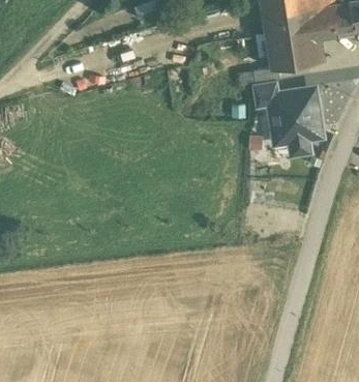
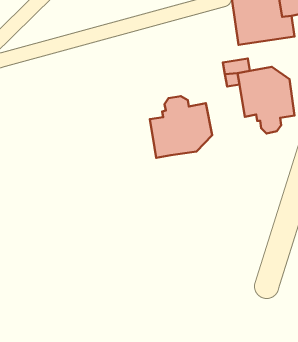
building: none -> [150,96,212,158]

